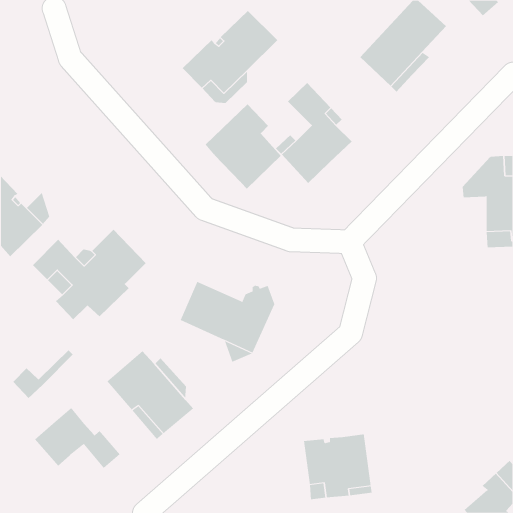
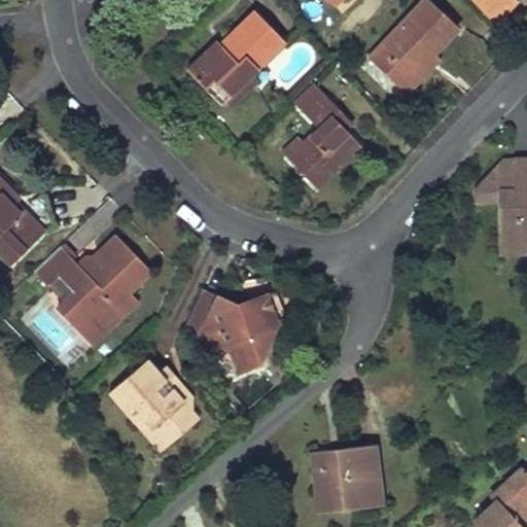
building: [205,104,282,190] -> none
building: [12,350,74,399] -> [75,295,138,346]
building: [34,407,120,469] -> none

